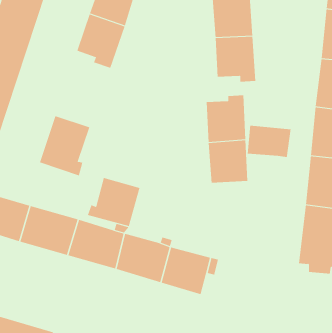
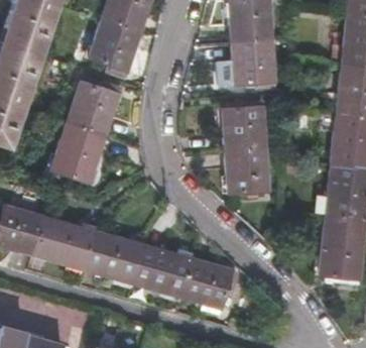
building: none -> [70,83,120,135]
building: [247,125,291,158] -> none
building: [87,177,140,227] -> none

